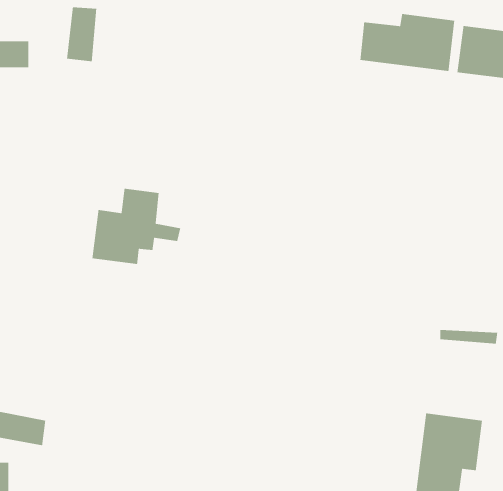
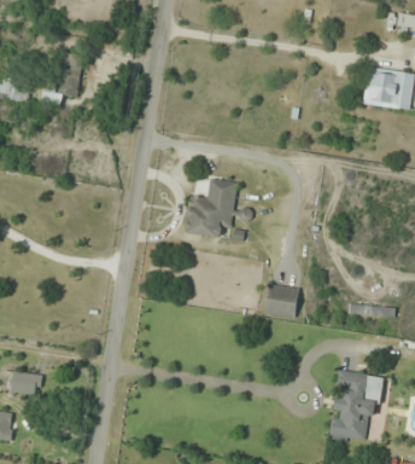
building: [359,13,455,72] -> none
building: [92,188,181,265] -> [183,178,253,238]
building: none -> [264,284,299,318]

